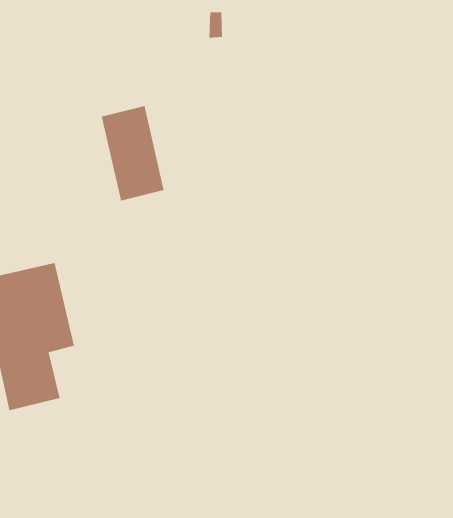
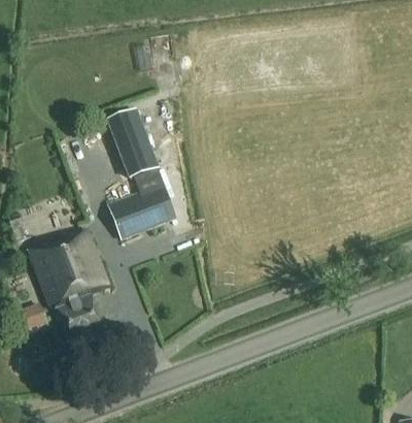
building: none -> [110,169,176,238]

